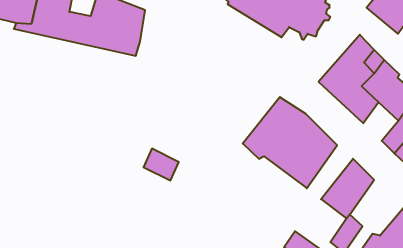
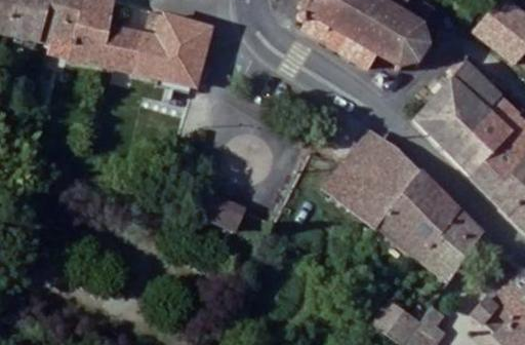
building: none -> [474,143,517,190]
building: none -> [405,195,461,261]

